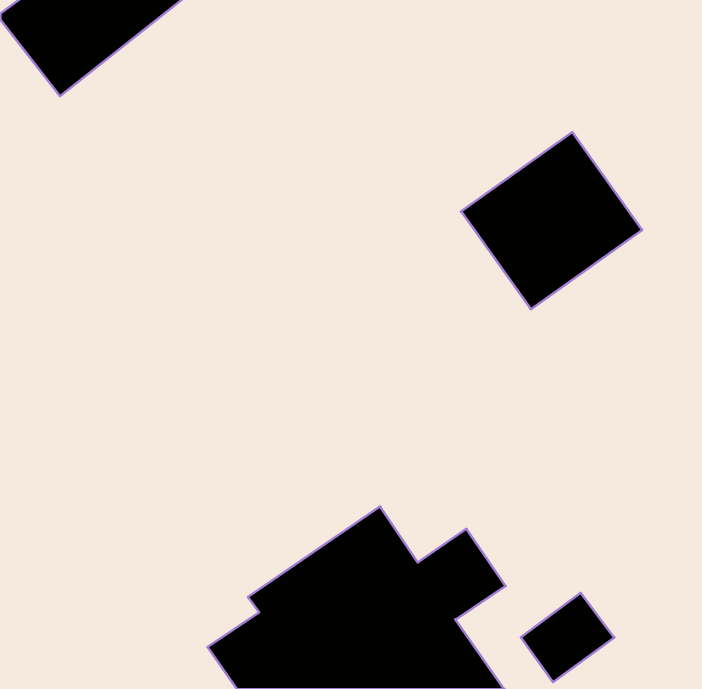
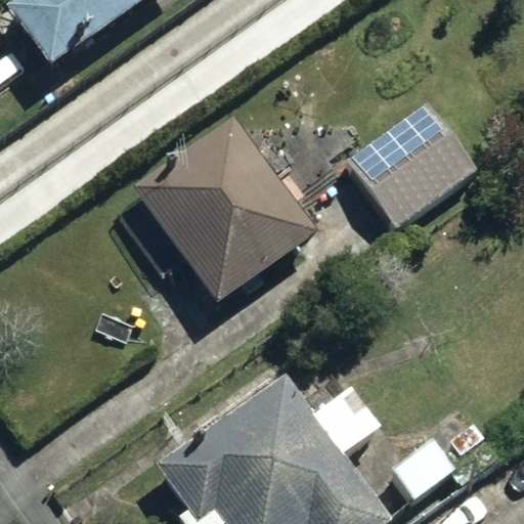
building: none -> [135,116,316,304]

